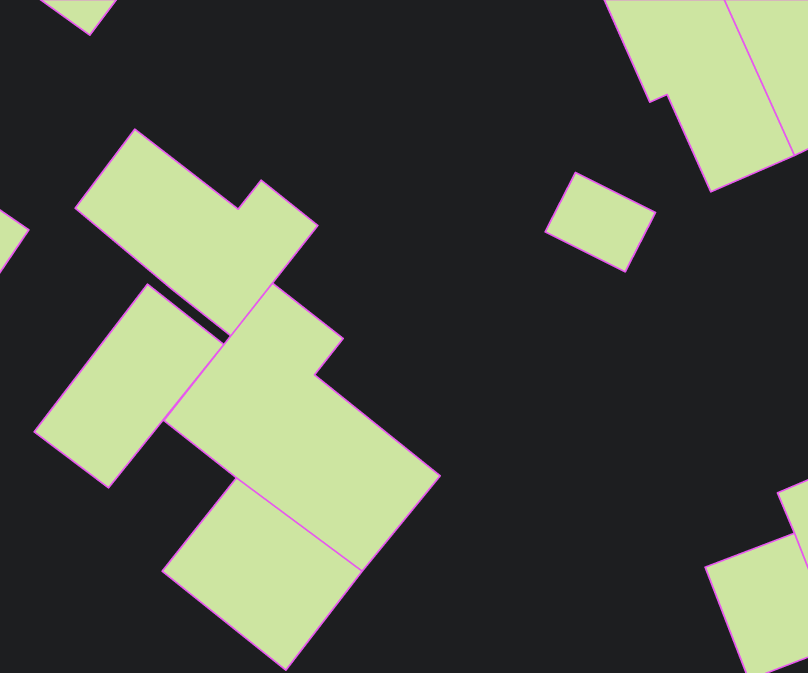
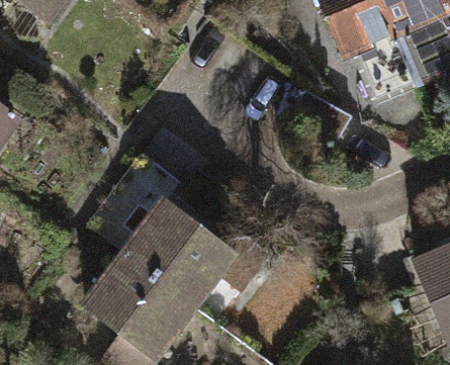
building: [75,129,318,336] -> none
building: [34,284,224,488] -> none

